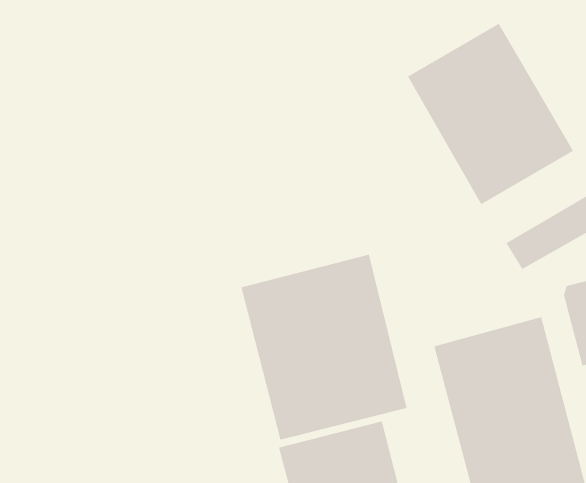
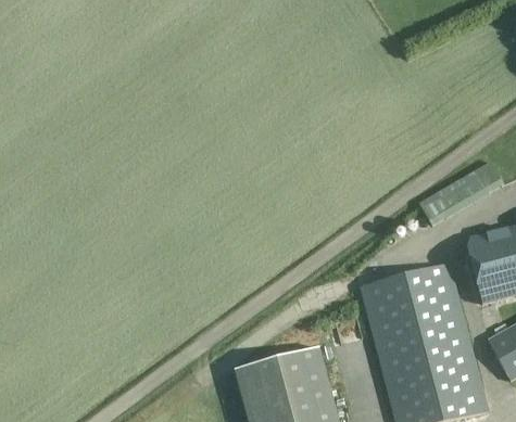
building: [407,23,574,205] -> none
building: [241,254,407,441] -> none

